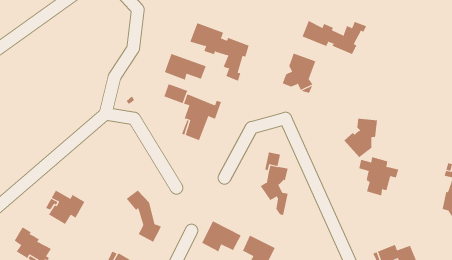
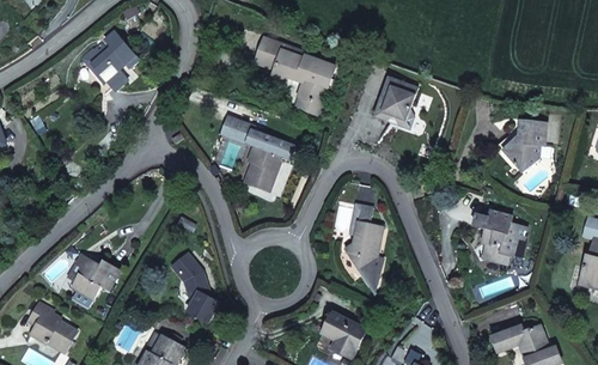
building: none -> [91,31,138,93]
building: [302,20,367,55] -> none
building: [164,53,207,81] -> none
building: [344,118,378,158] -> [501,121,545,172]
building: [201,221,242,252] -> none

